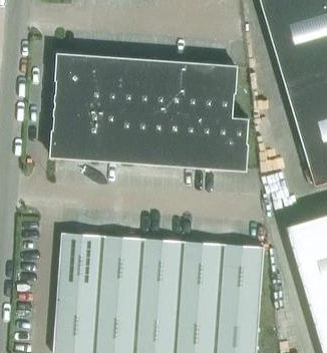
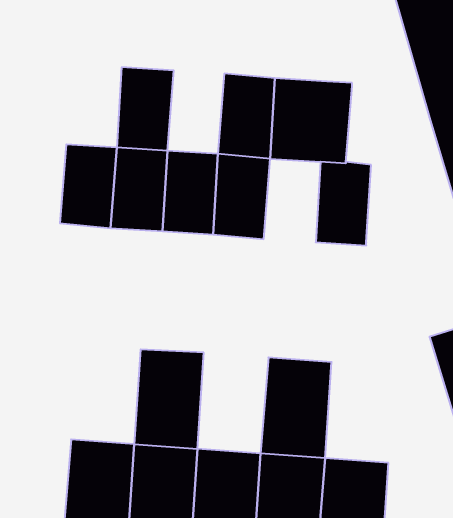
building: [54,54,89,107] -> none
building: [118,58,154,111] -> none
building: [180,114,216,167] -> none
building: [57,233,101,296] -> none
building: [137,238,183,302] -> none
building: [219,244,263,308] -> none

